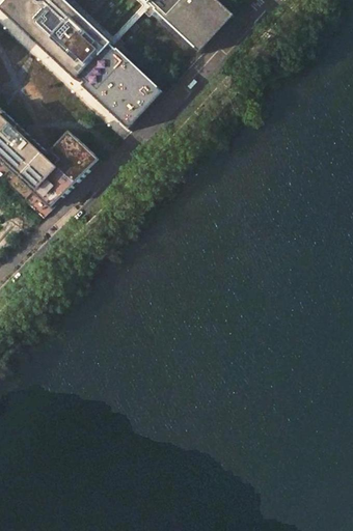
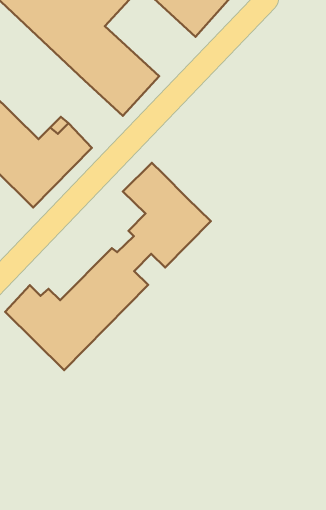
building: none -> [5,163,211,370]

